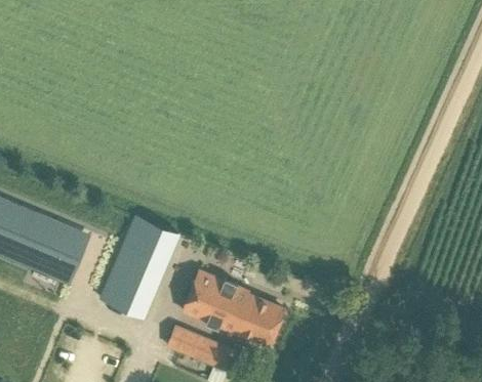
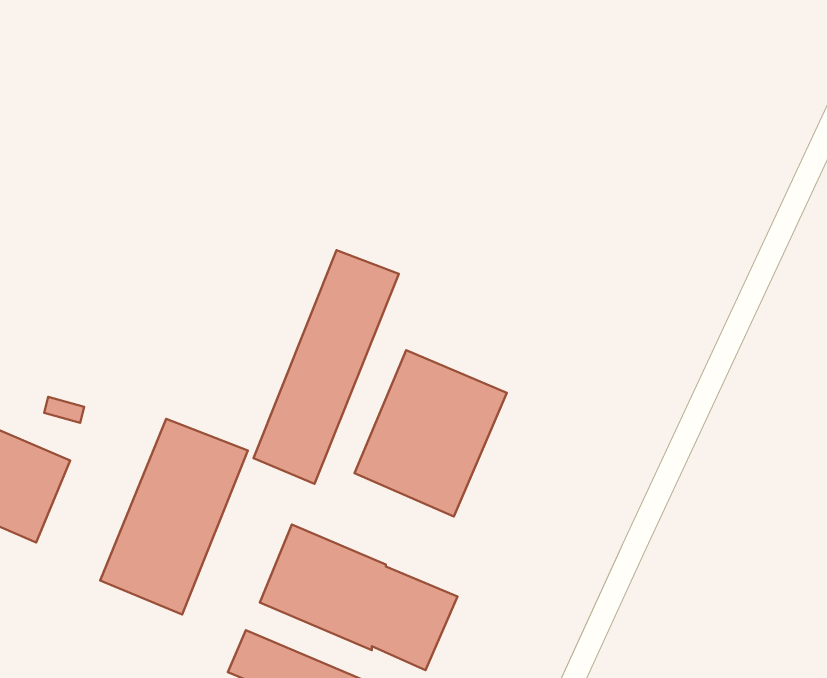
building: none -> [253,250,399,484]
building: none -> [355,350,507,517]

